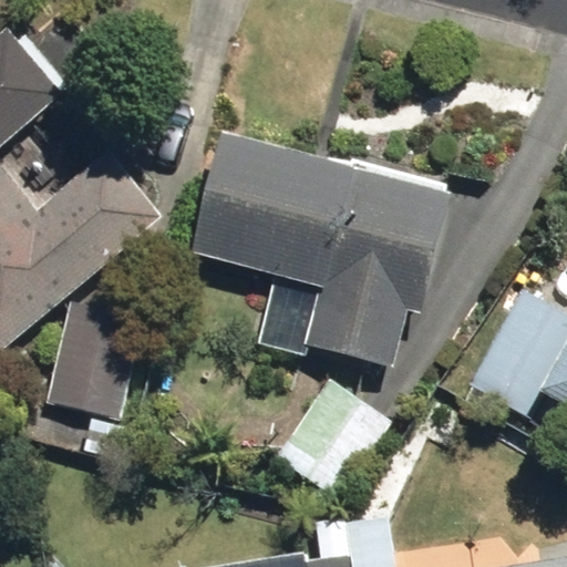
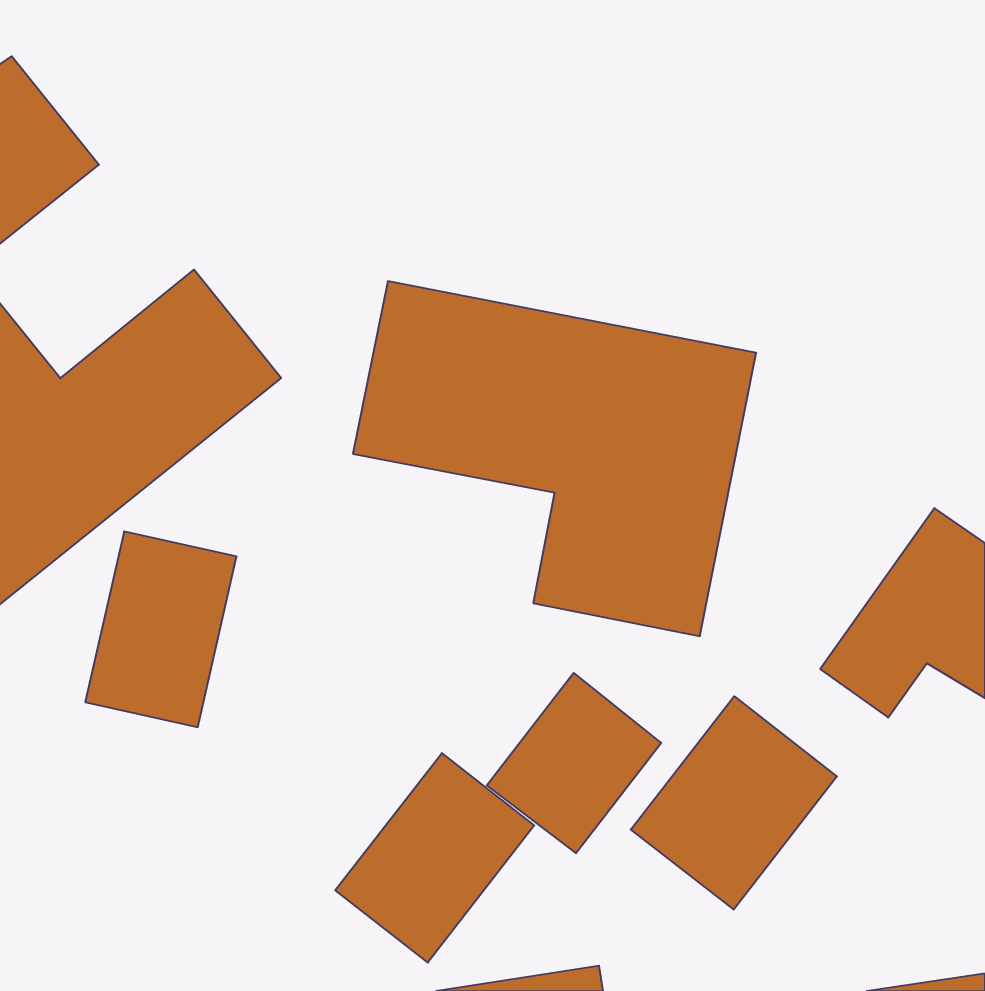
building: none -> [631,696,837,910]
building: none -> [335,753,534,963]

